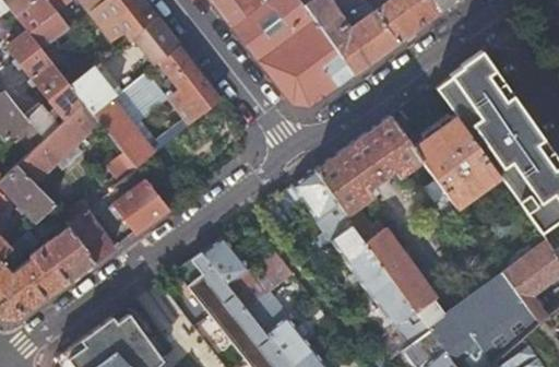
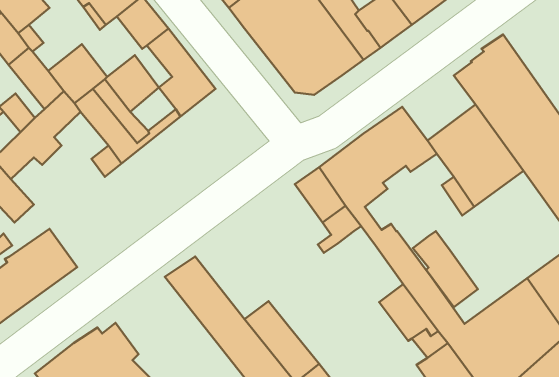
building: [115,179,168,233] -> none
building: [64,209,114,261] -> none
building: [332,224,391,293] -> [413,231,478,307]
building: [202,235,294,308] -> none

